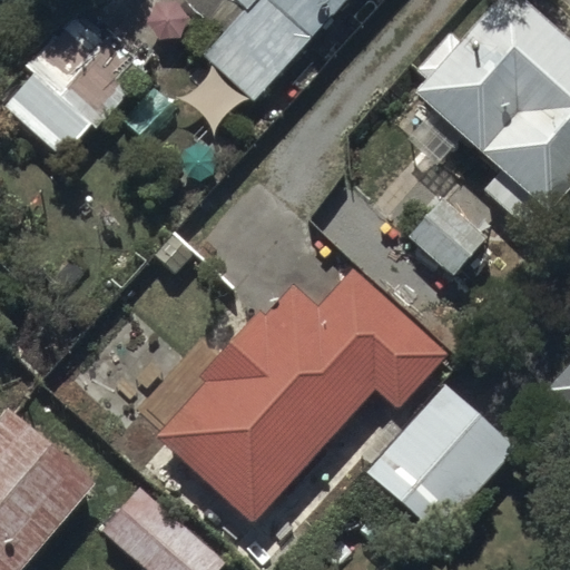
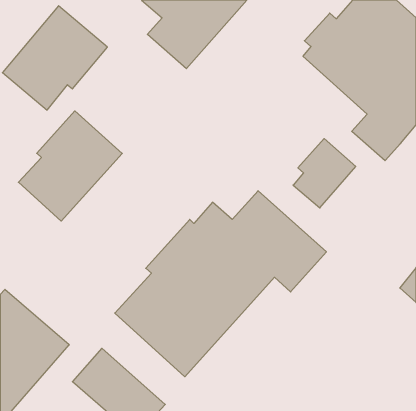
building: none -> [18,111,122,221]
building: [348,383,517,549] -> none

